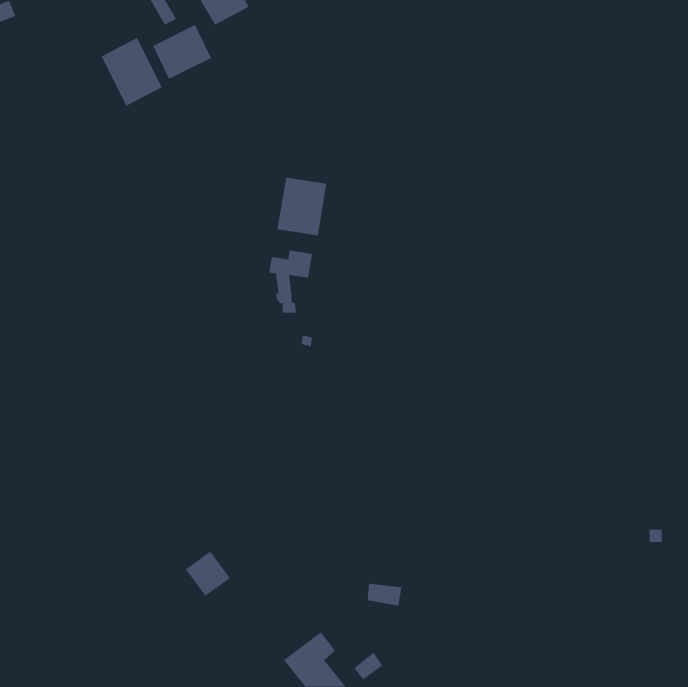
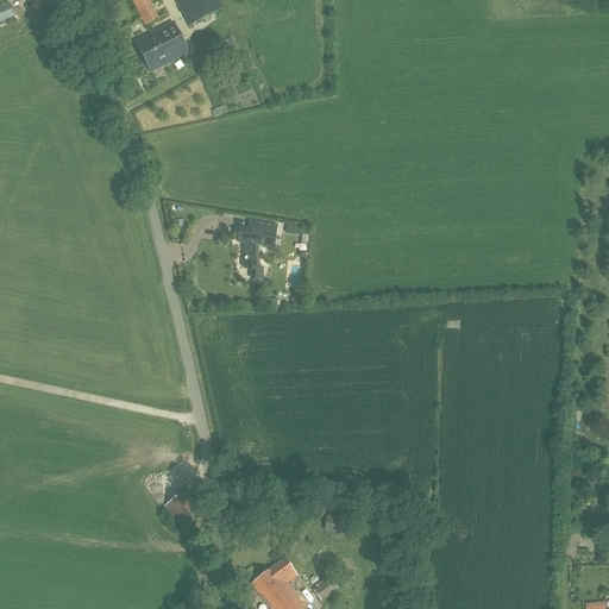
building: [101,37,162,106] -> none
building: [277,177,327,236] -> none

